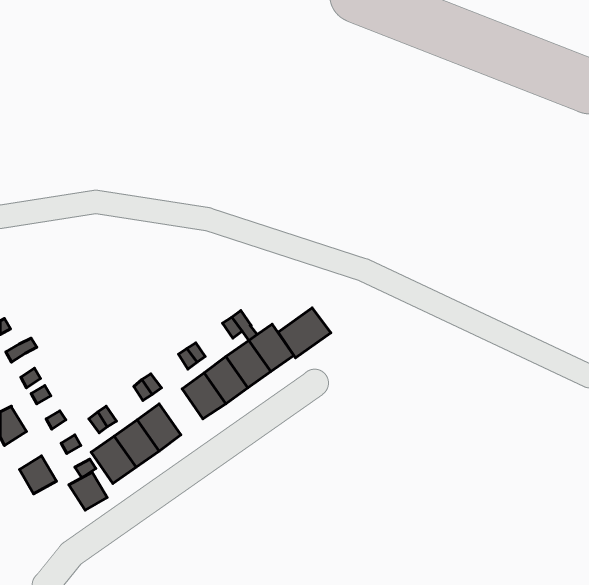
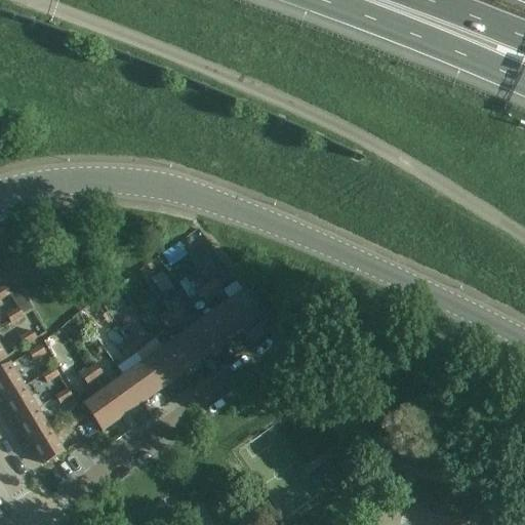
building: [278,308,331,358] -> none
building: none -> [142,346,180,387]
building: none -> [4,383,37,417]
building: [69,472,107,510] -> [30,428,64,461]

